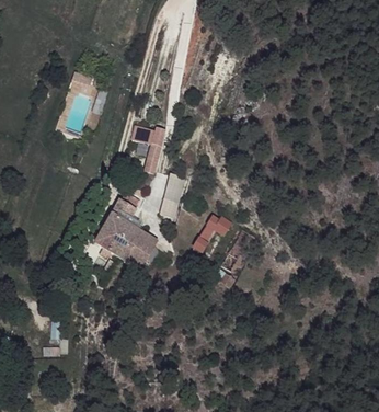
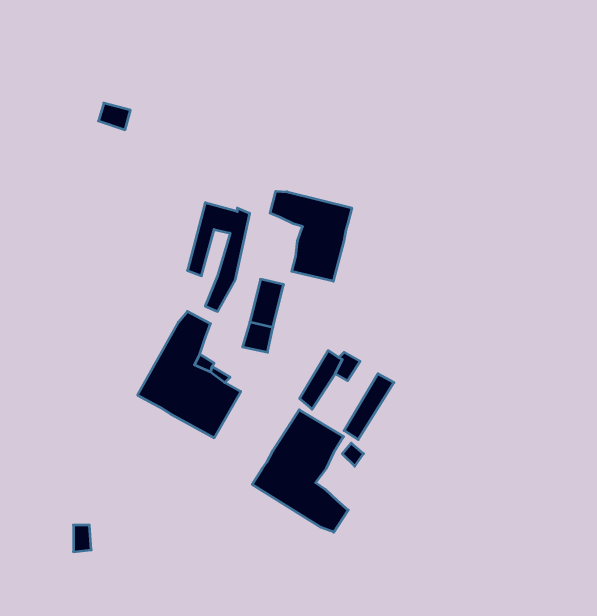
building: none -> [270,191,352,281]
building: none -> [252,410,348,532]

